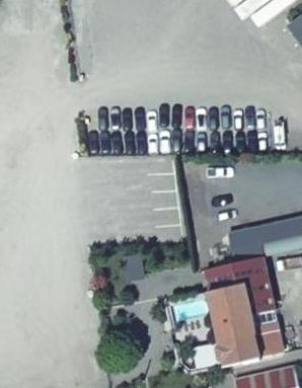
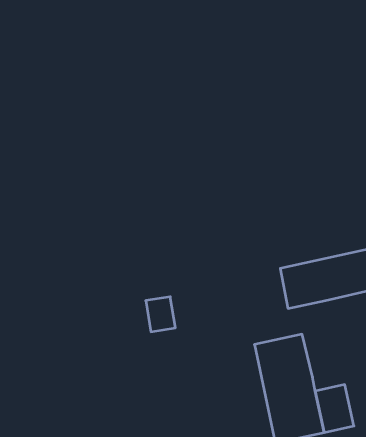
building: [203,256,275,316] -> none

